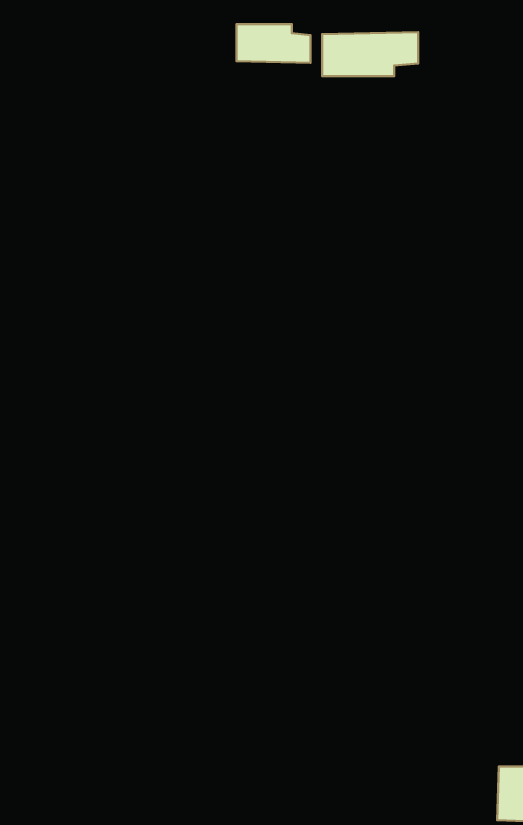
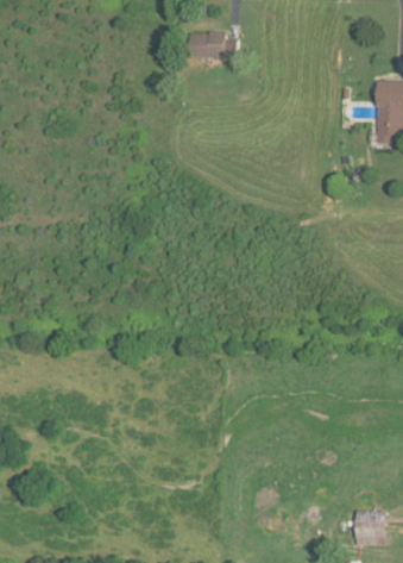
building: [322,32,418,76] -> none

